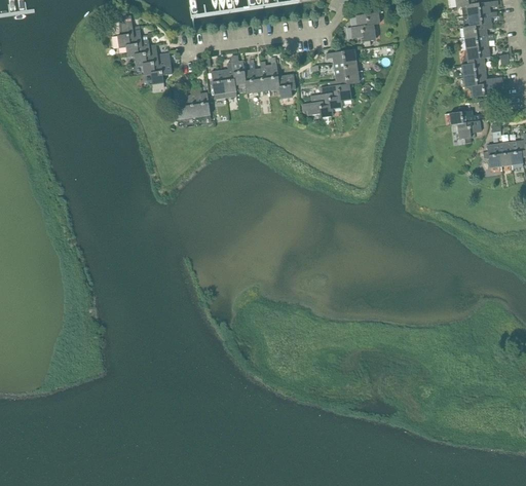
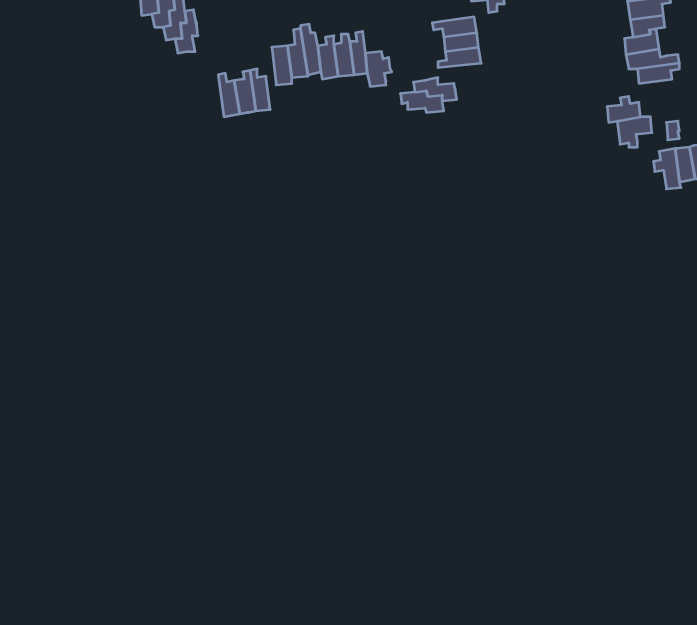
building: [150,52,172,84] -> none
building: [320,83,351,101] -> none

